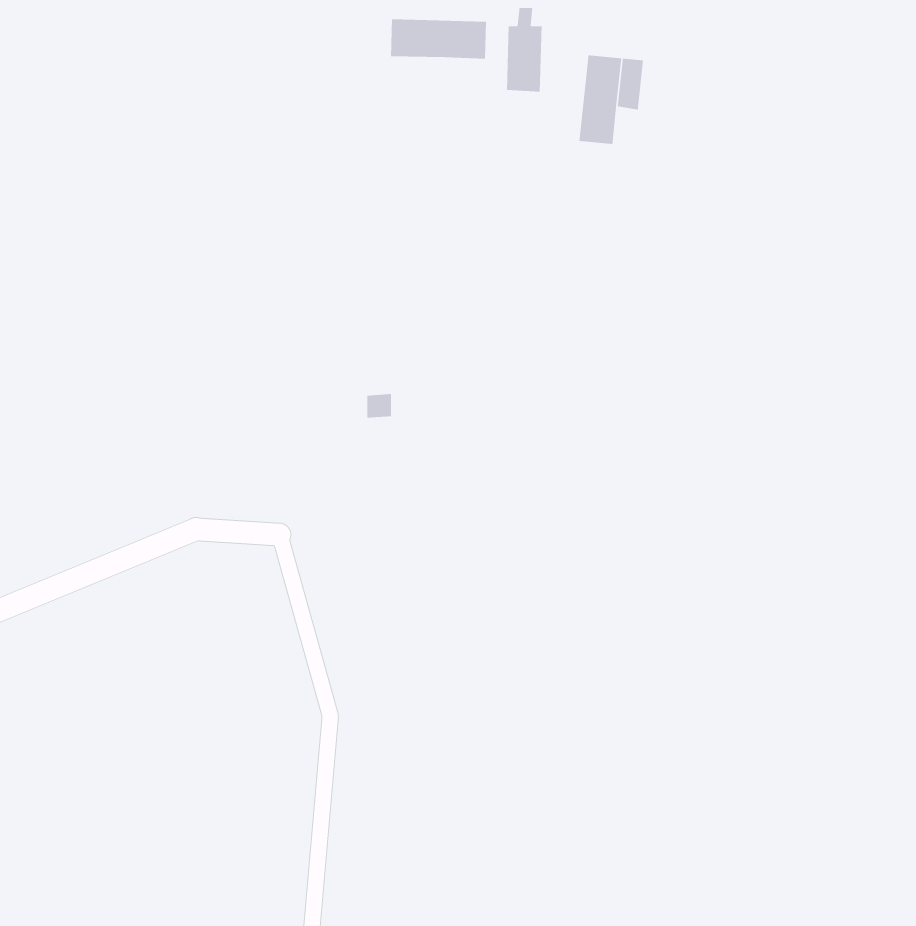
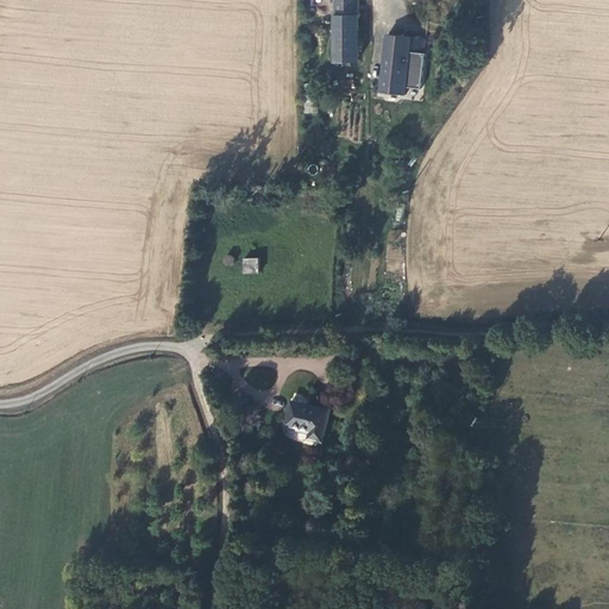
building: [390,19,487,59] -> none
building: none -> [282,398,326,438]

